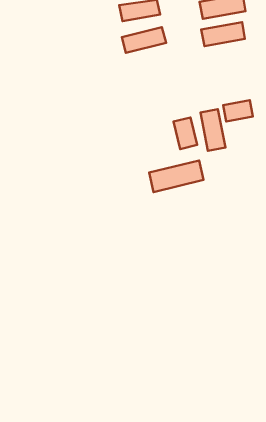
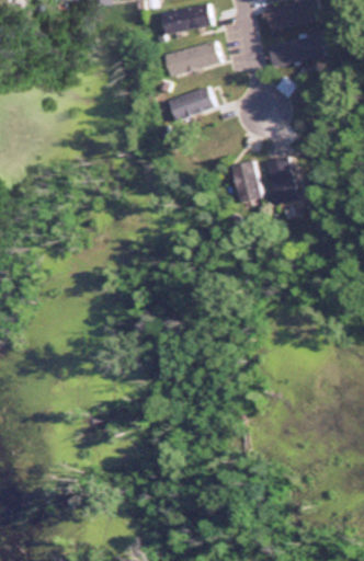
building: none -> [171,85,219,121]
building: [223,100,253,122] -> none
building: [149,160,204,192] -> none

